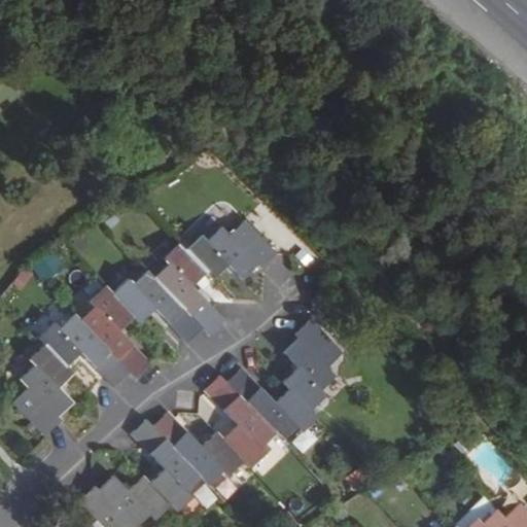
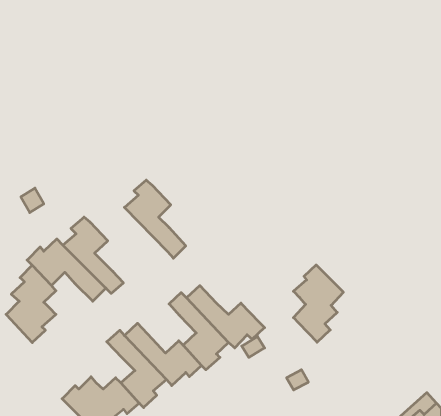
building: [185,222,276,280] -> none
building: [112,271,203,342] -> none
building: [283,320,342,411] -> [293,265,343,342]

